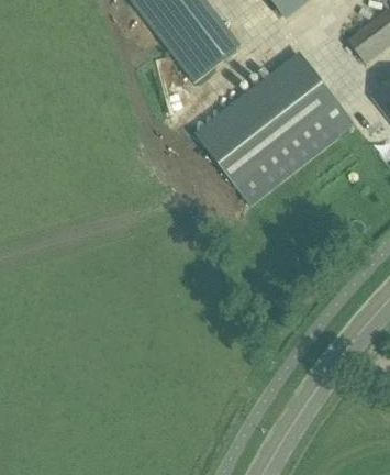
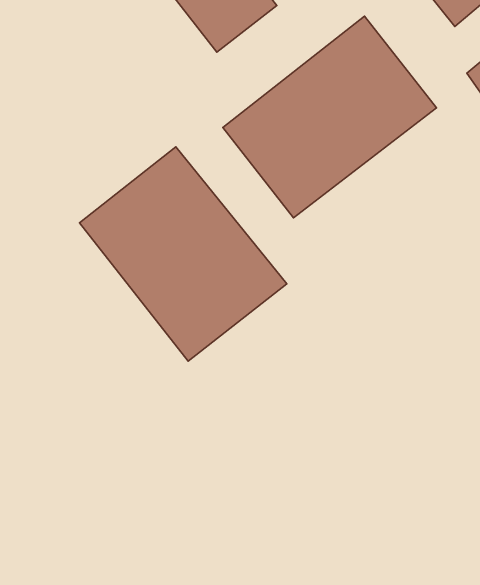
building: none -> [80,147,287,361]

